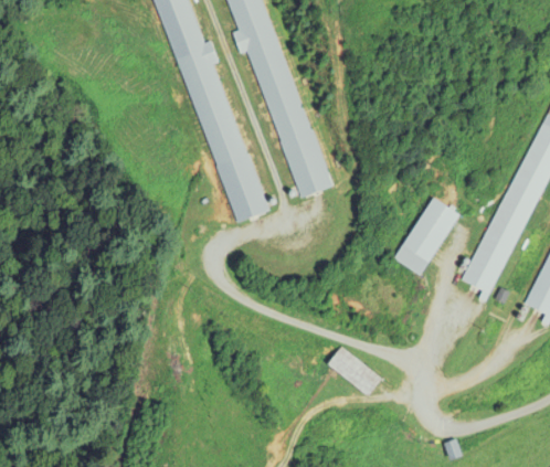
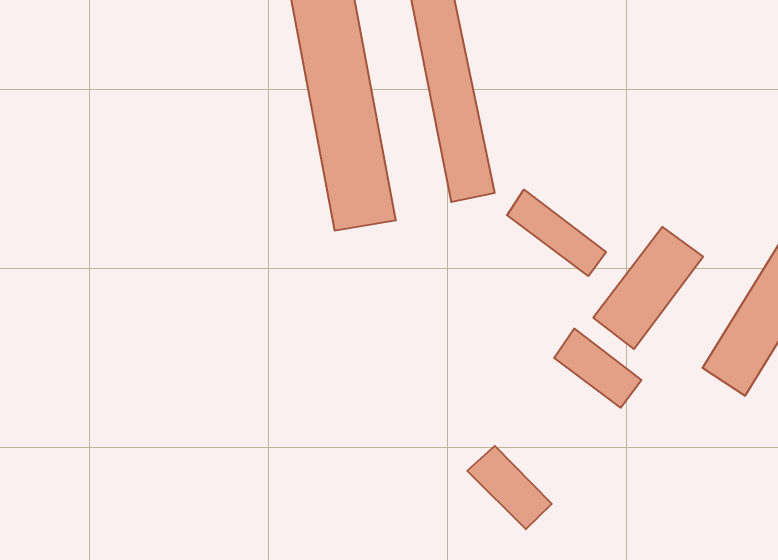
building: none -> [507,190,606,276]
building: none -> [554,329,641,408]

